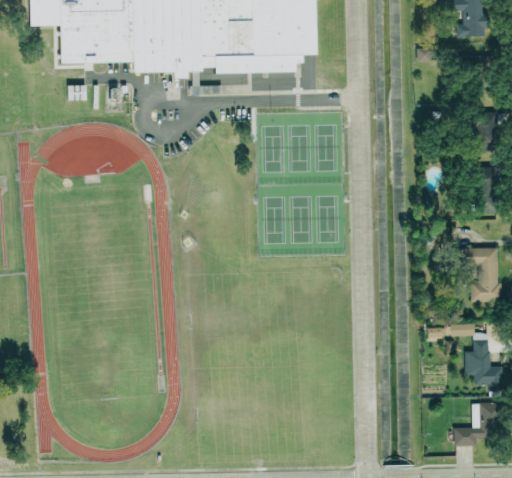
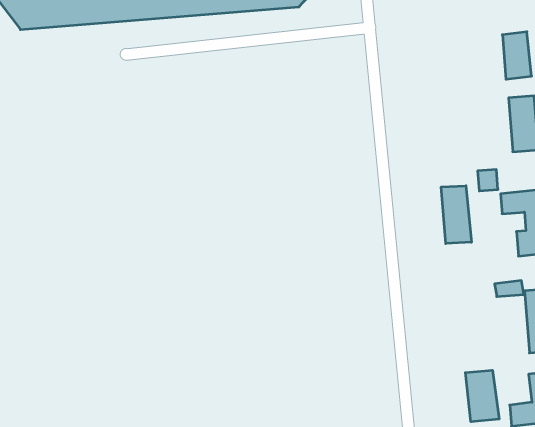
building: none -> [441,186,471,244]
building: none -> [465,370,499,422]

